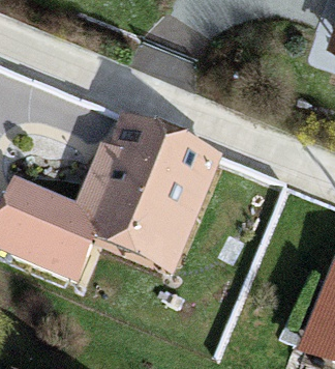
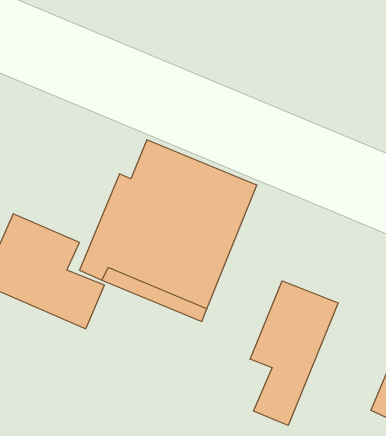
building: none -> [250,281,338,425]

